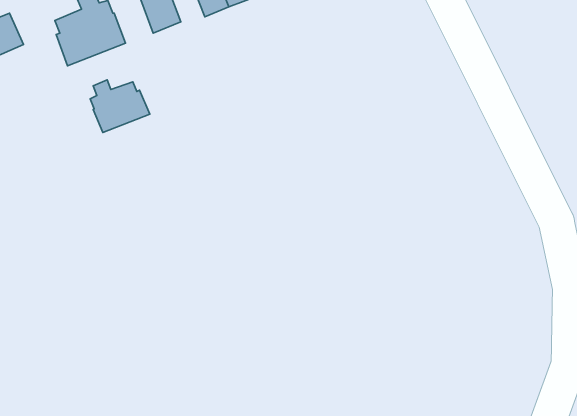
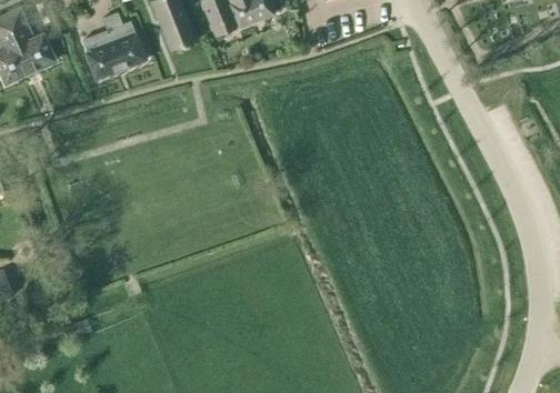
building: [90,80,150,133] -> none

